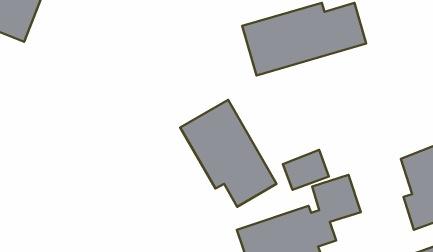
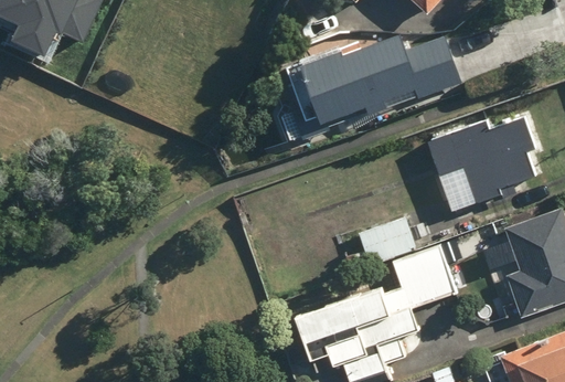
building: none -> [402,117,537,200]
building: [180,100,276,207] -> none

